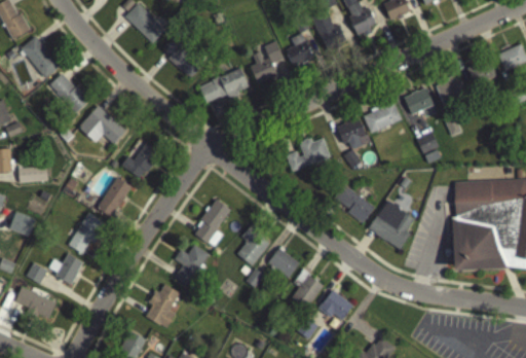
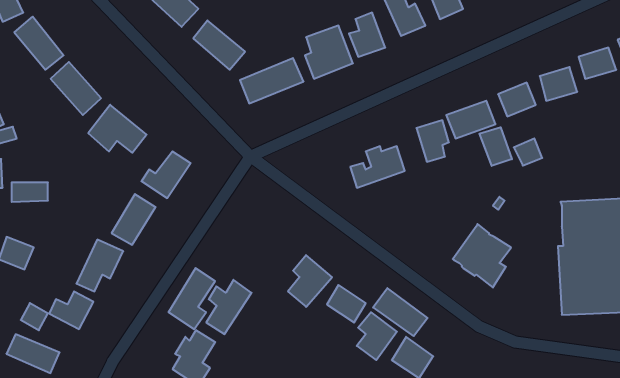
building: none -> [479,127,512,166]
building: [332,183,375,221] -> [373,288,428,336]
building: [193,199,230,247] -> [168,268,215,329]

